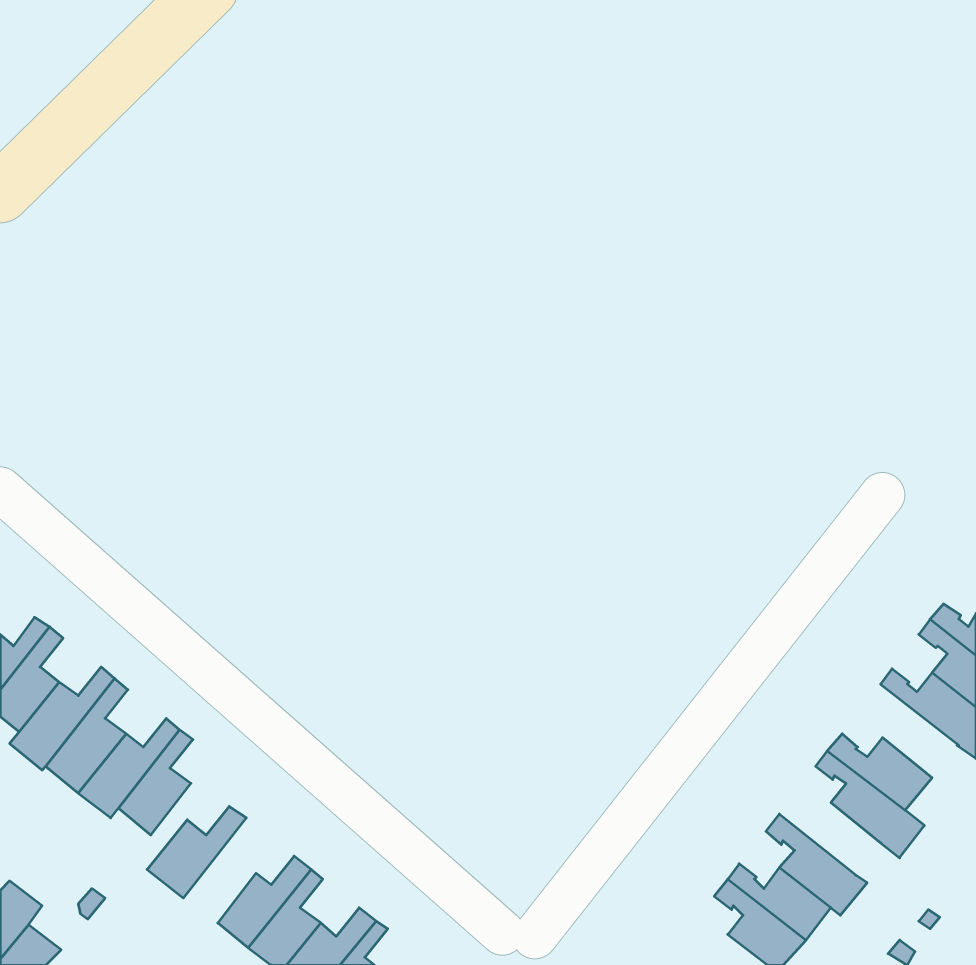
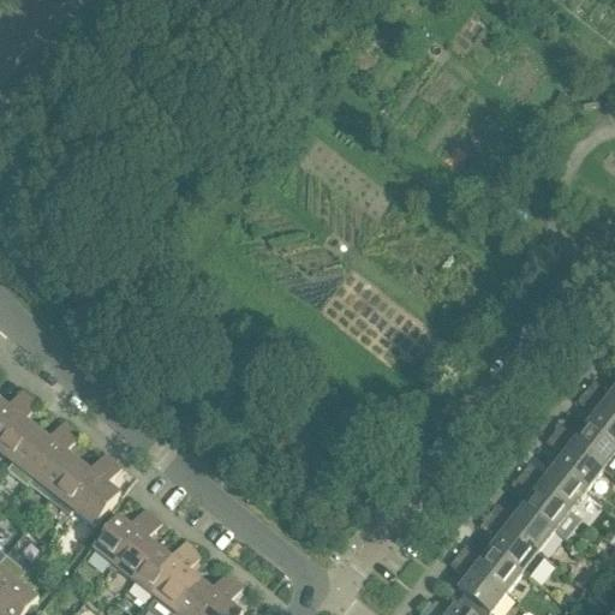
building: none -> [545,430,603,489]
building: none -> [490,502,554,550]
building: none -> [115,514,162,580]

